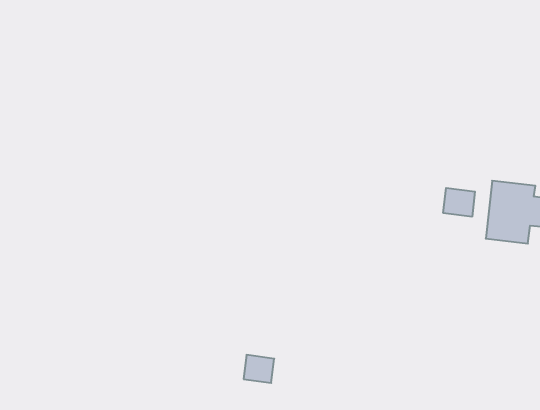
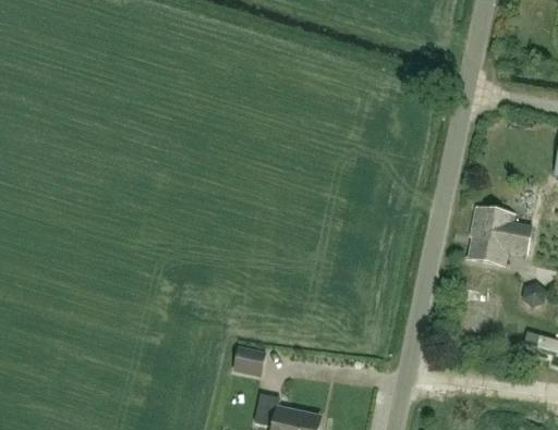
building: [443,188,475,217] -> none

